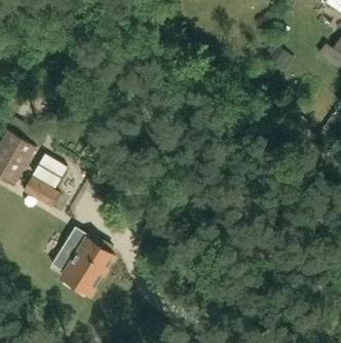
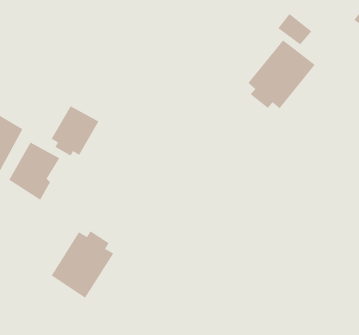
building: none -> [248,40,315,109]
building: none -> [51,105,99,156]

